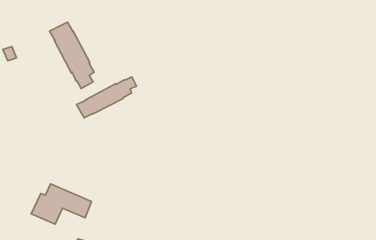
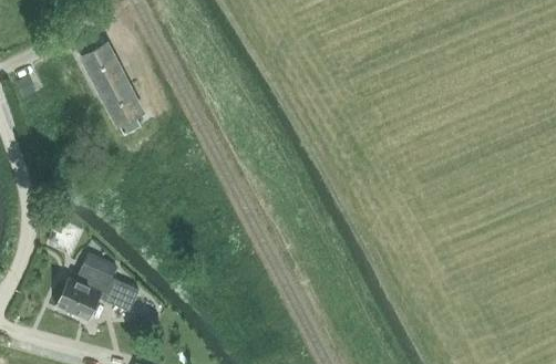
building: [77,77,137,118] -> none

